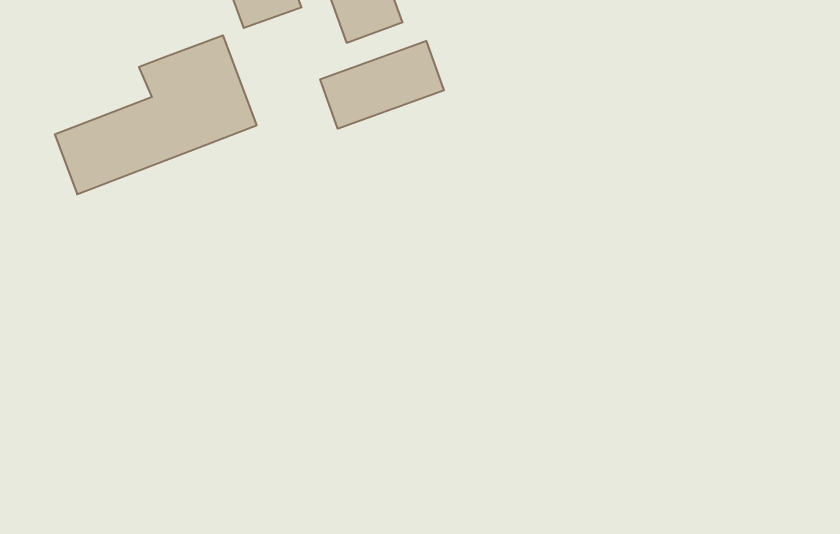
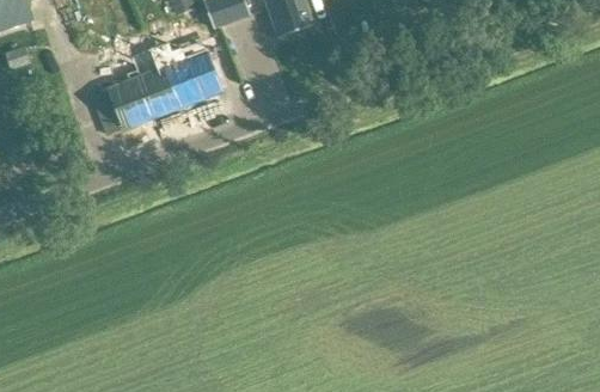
building: [320,41,444,129] -> none

